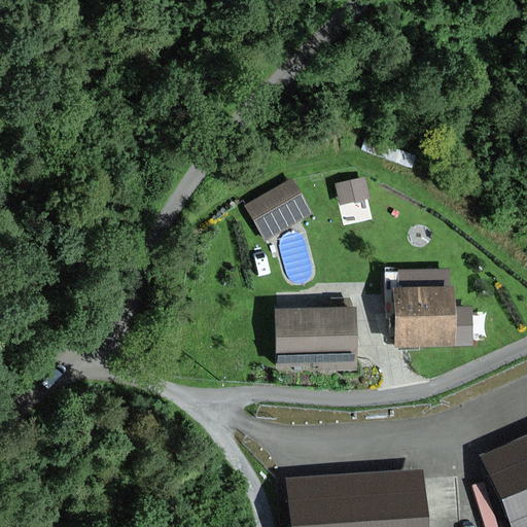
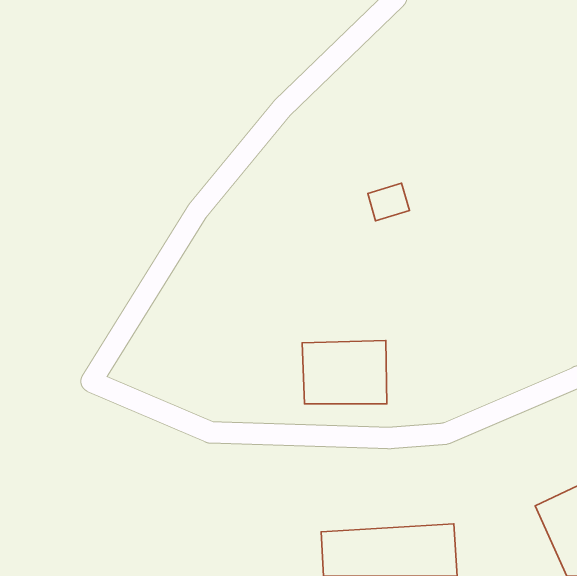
building: [248,178,307,233] -> none
building: [385,272,469,343] -> none

